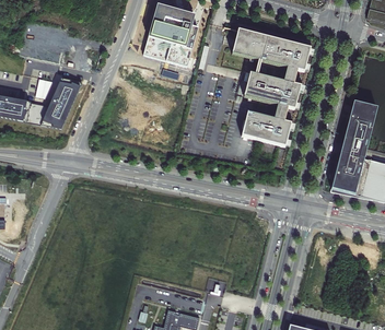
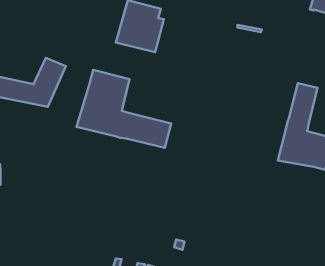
building: [236,31,317,146] -> none
building: none -> [76,70,171,148]

